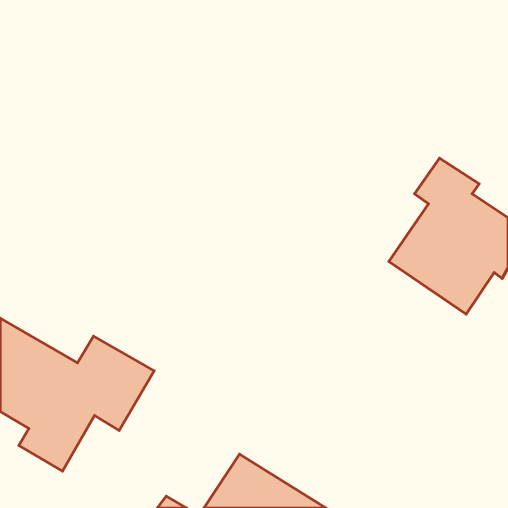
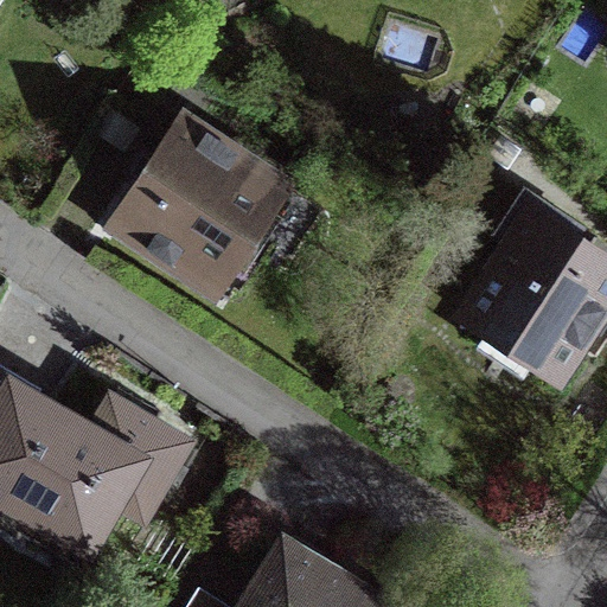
building: none -> [113,116,286,290]

